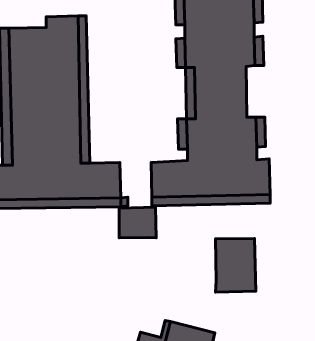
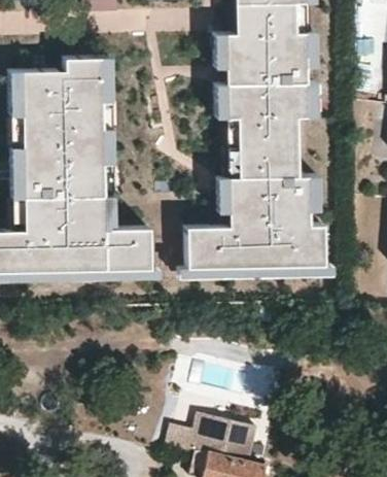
building: [119,207,156,238] -> none
building: [215,239,256,292] -> none

